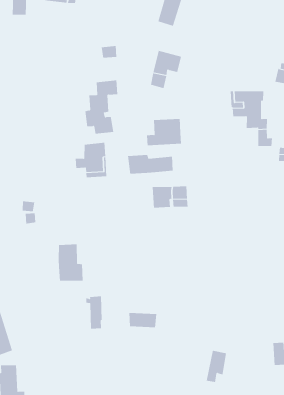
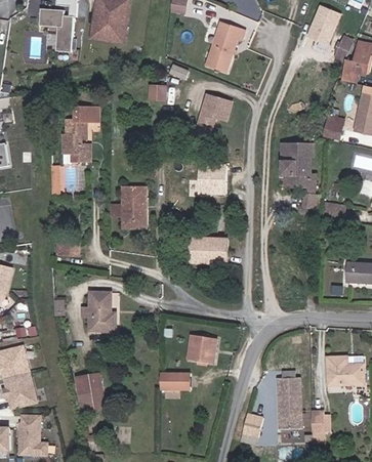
building: [85,80,118,134] -> [63,106,98,161]
building: [128,154,173,174] -> none
building: none -> [185,332,215,361]
building: [85,296,102,329] -> [74,375,91,409]
building: none -> [277,379,298,427]

